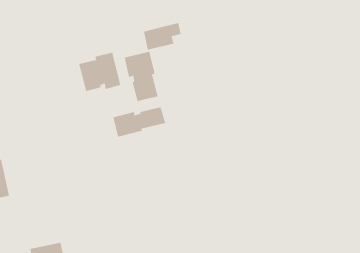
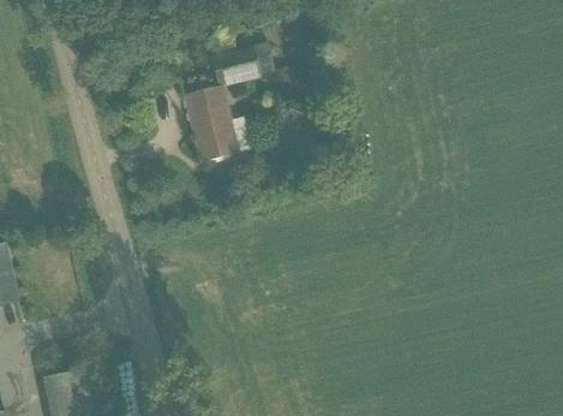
building: [78,52,121,92] -> none
building: [113,106,166,137] -> none

